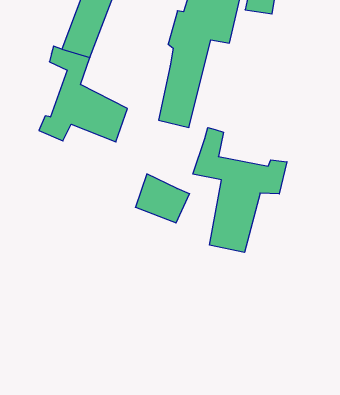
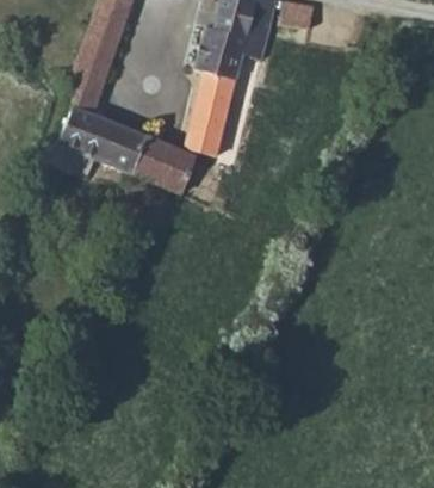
building: [193,128,287,252] -> none
building: [135,174,190,223] -> [135,136,197,192]

